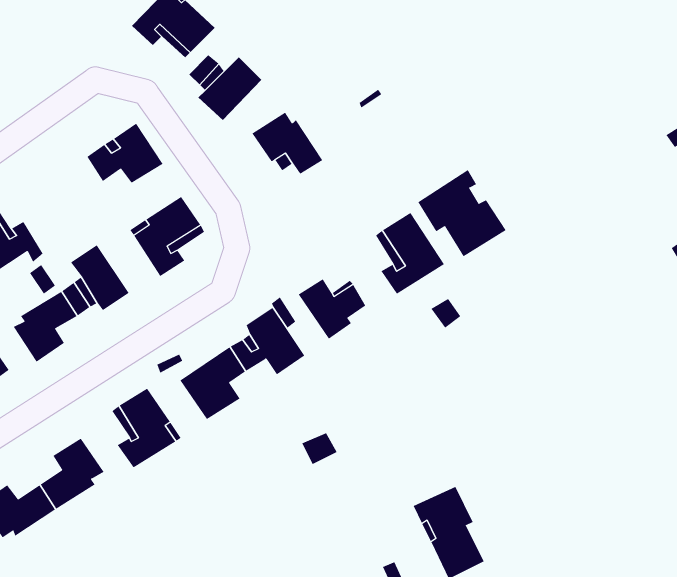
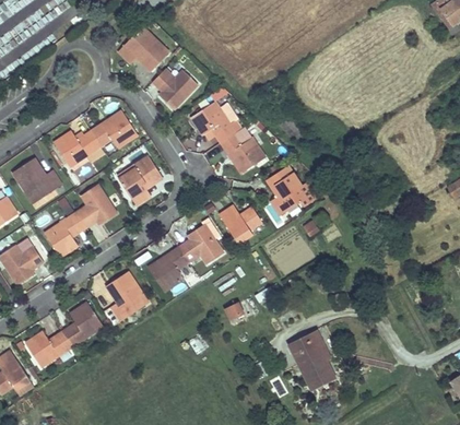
building: none -> [54,131,101,164]
building: none -> [221,133,264,174]
building: [418,169,506,257] -> none

